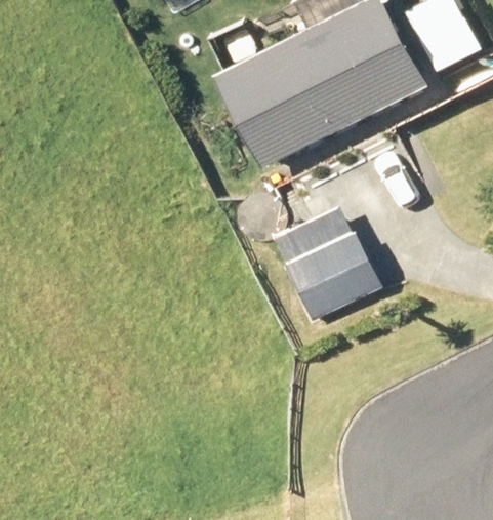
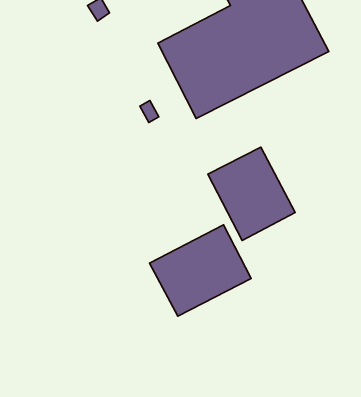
building: none -> [150,225,251,316]

